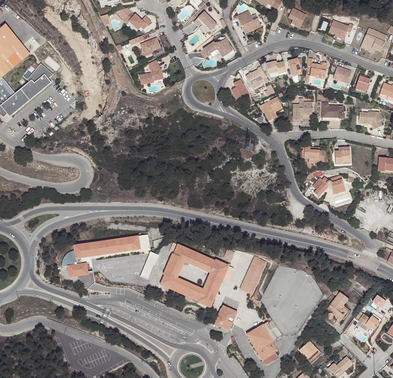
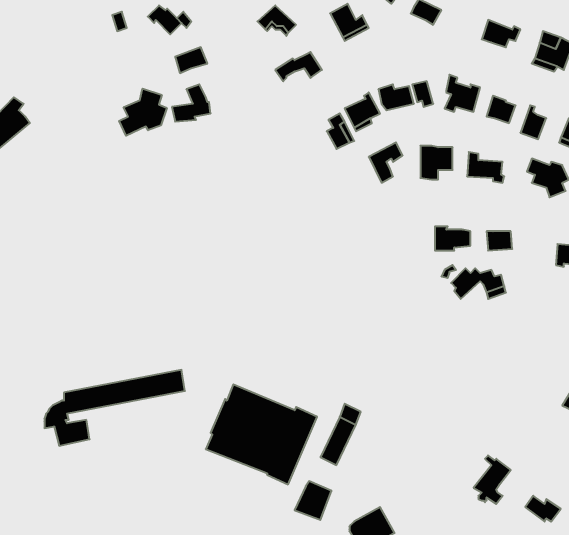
building: none -> [119,89,167,136]

